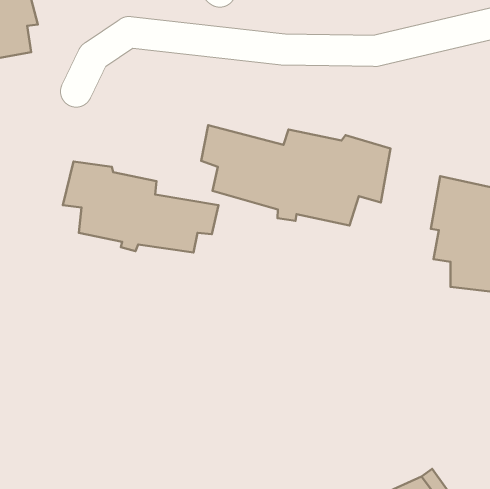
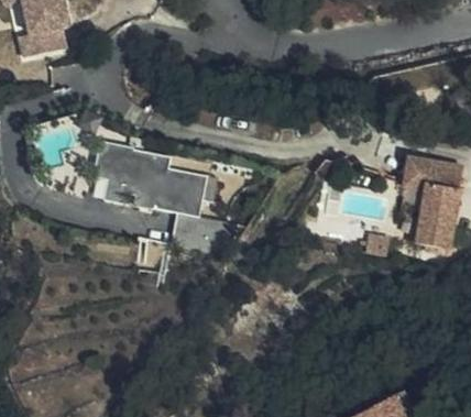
building: [201,125,391,226] -> none

